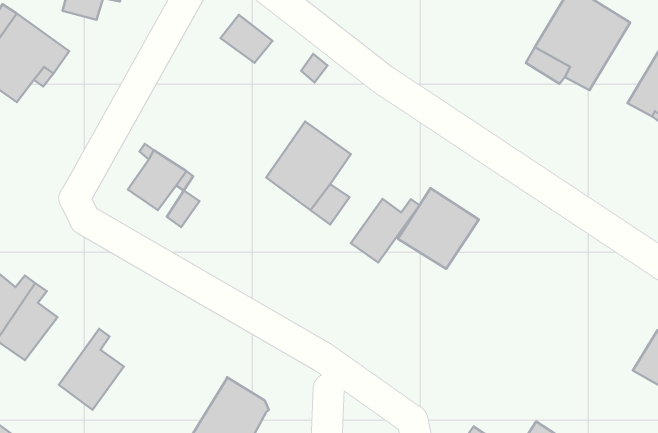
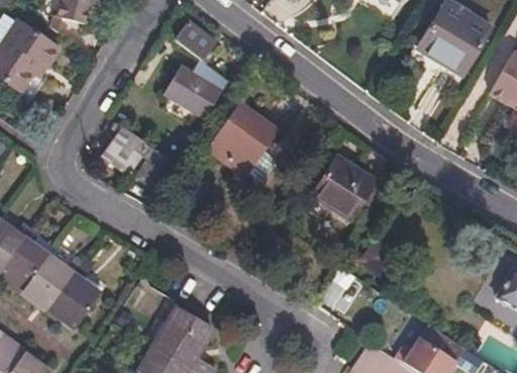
building: none -> [167,67,217,113]
building: [351,199,419,262] -> none
building: none -> [22,255,80,307]

